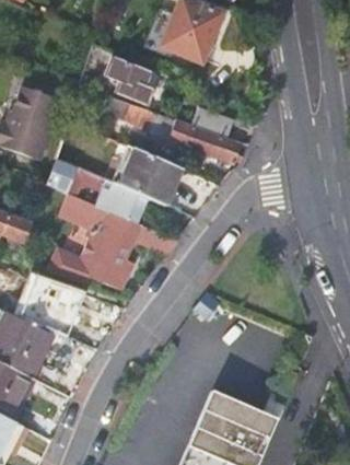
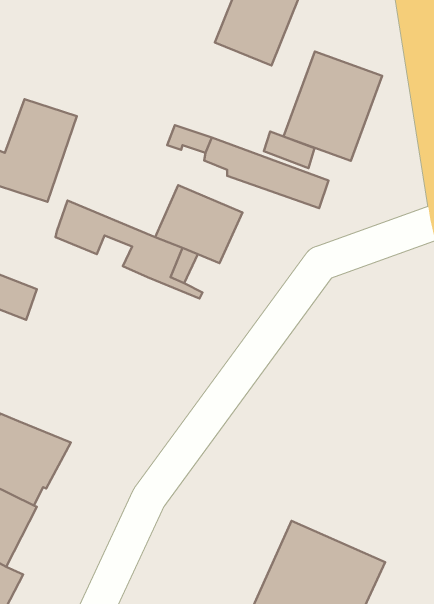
building: none -> [283,51,382,161]
building: [105,56,153,103] -> none
building: [48,193,176,287] -> none
building: [20,275,86,335] -> none

